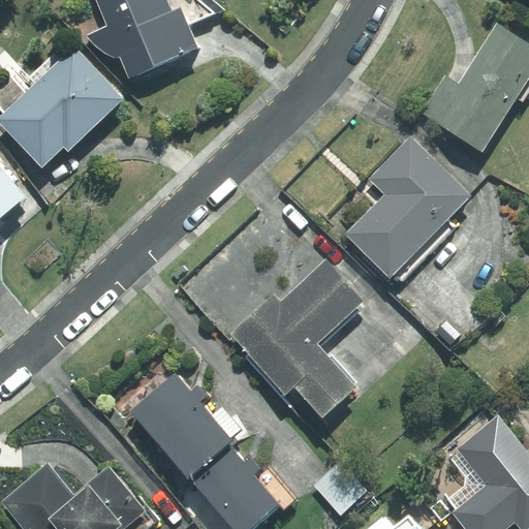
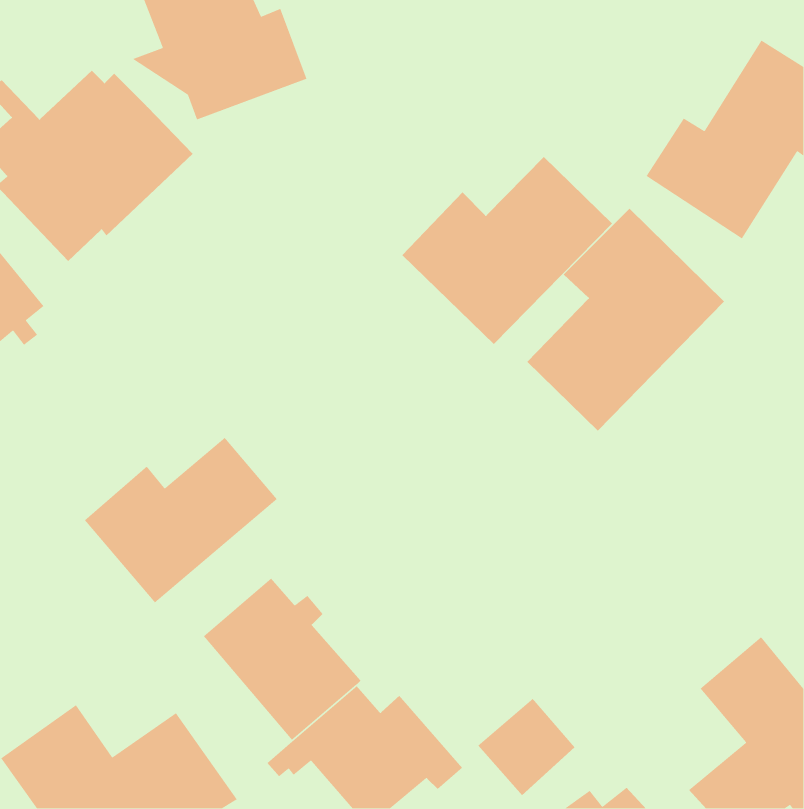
building: none -> [402,156,613,345]
building: [228,259,366,422] -> none
building: none -> [84,437,278,603]

